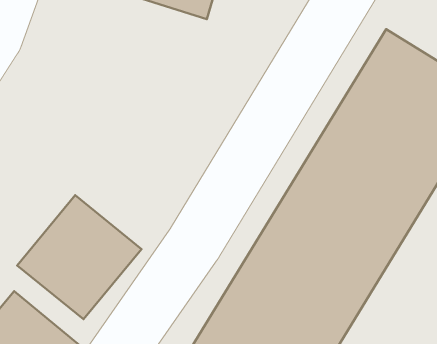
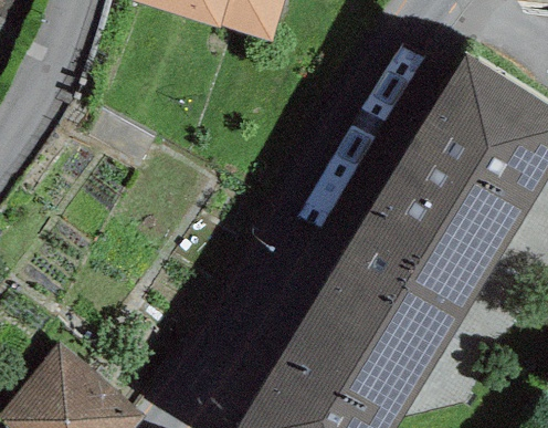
building: [17,195,141,319] -> none

